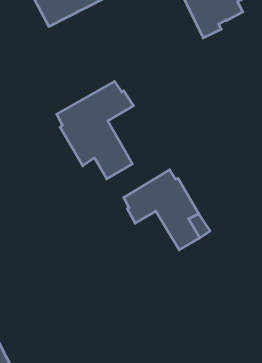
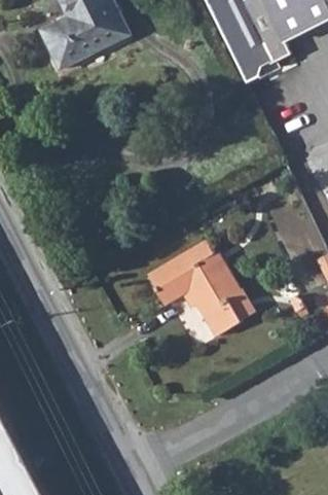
building: [57,81,134,179] -> none

